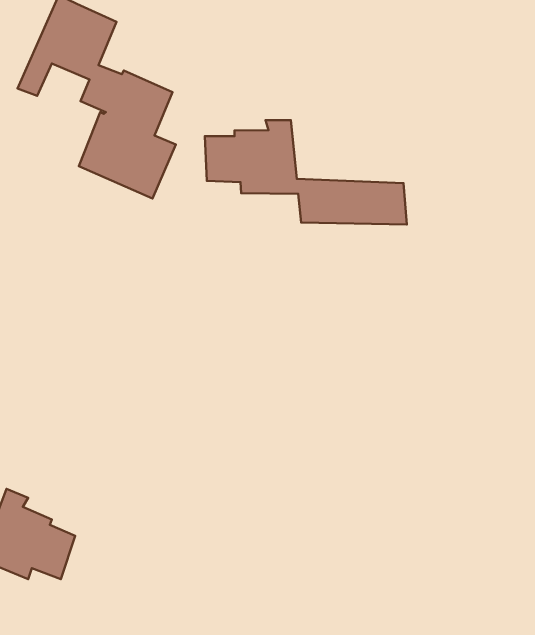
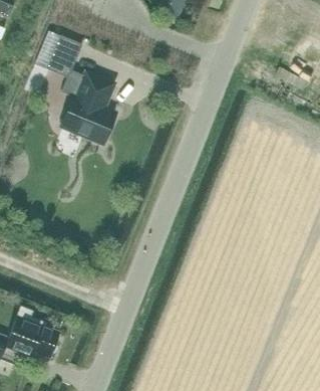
building: [205,120,407,225] -> none

